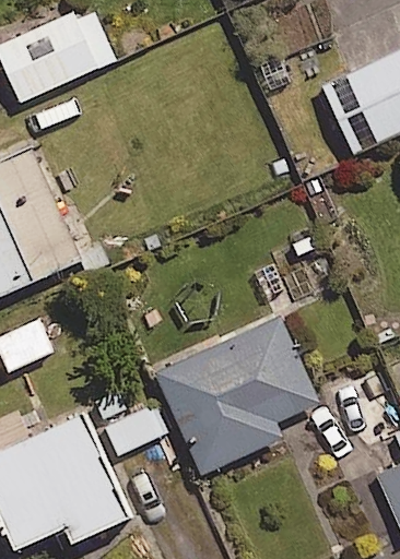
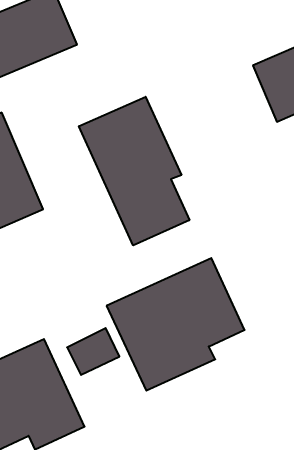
building: none -> [79,97,189,245]

